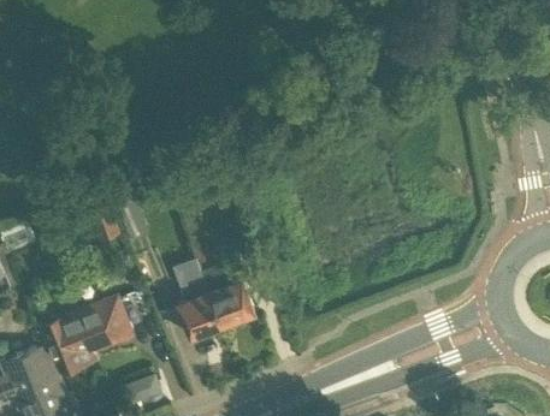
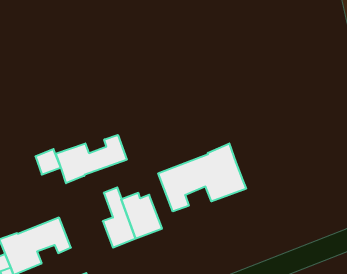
building: none -> [56,135,127,183]
building: none -> [158,143,246,211]

